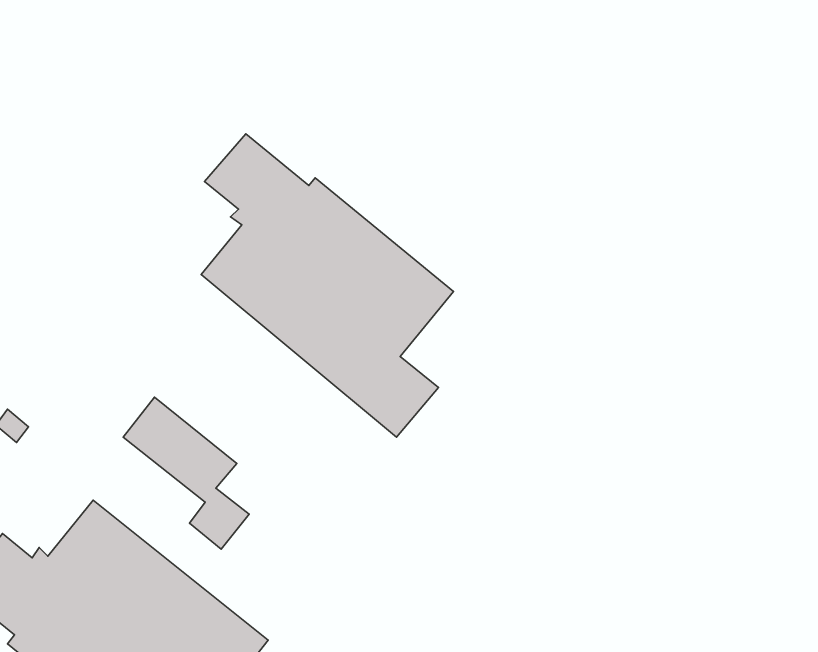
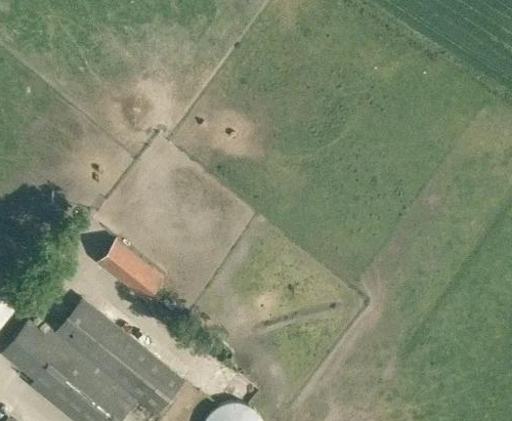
building: [201,134,454,437] -> none

